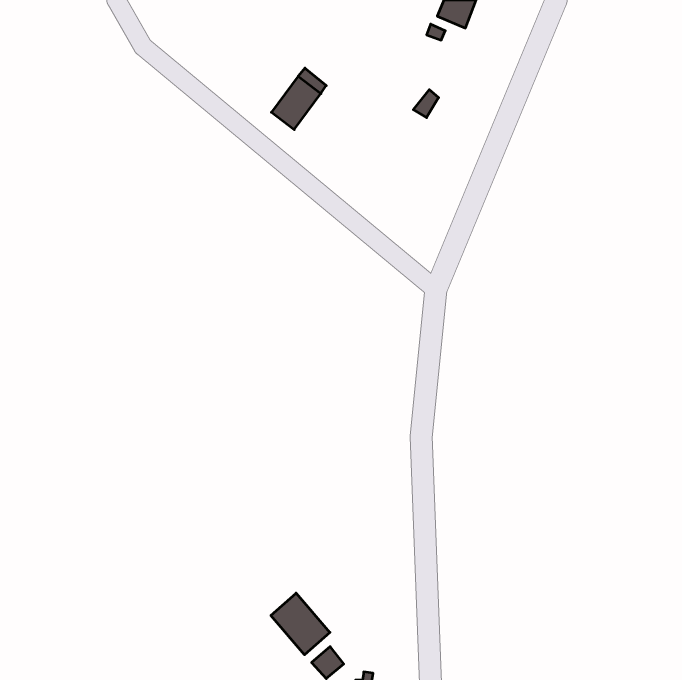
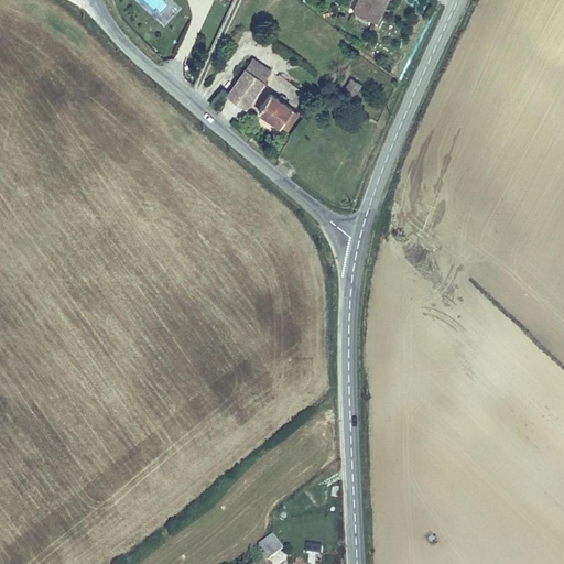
building: none -> [257,93,295,130]
building: [271,593,330,655] -> none

